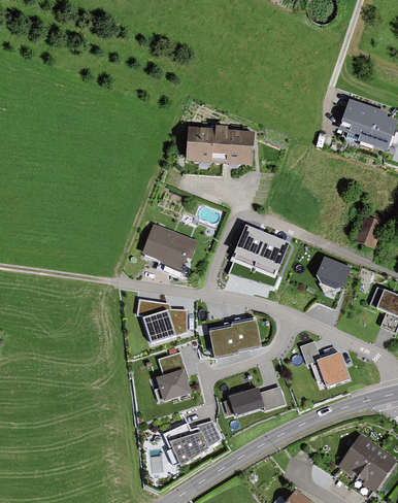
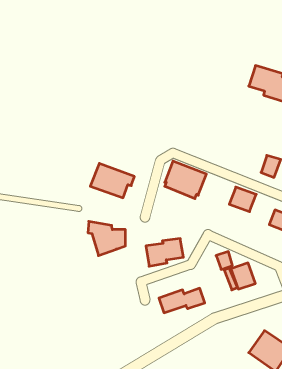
building: [188,128,252,163] -> none
building: [156,354,190,402] -> none
building: [163,420,221,469] -> none

